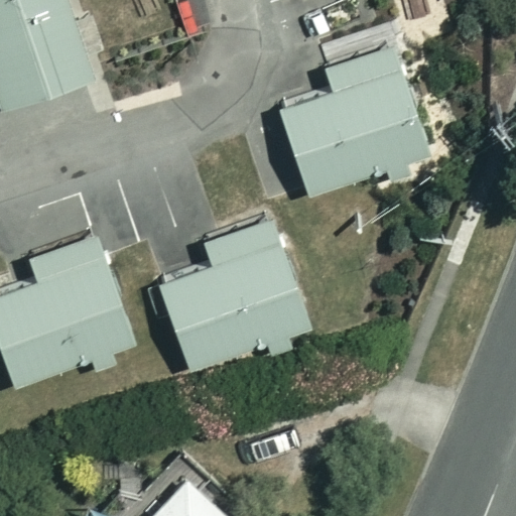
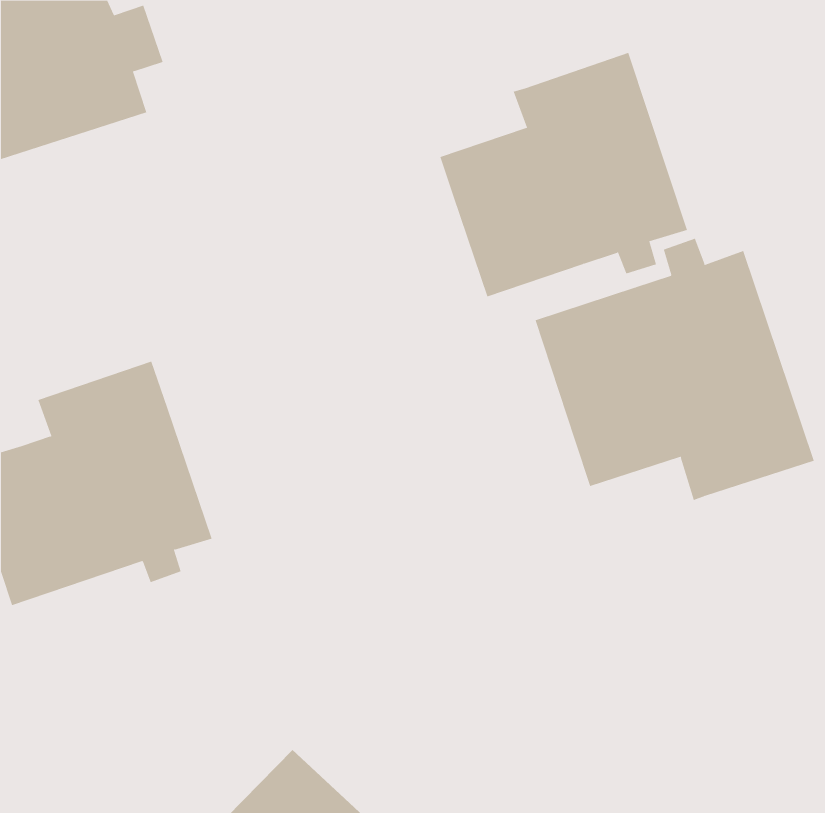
building: none -> [535,238,814,501]
building: [158,221,311,372] -> none

